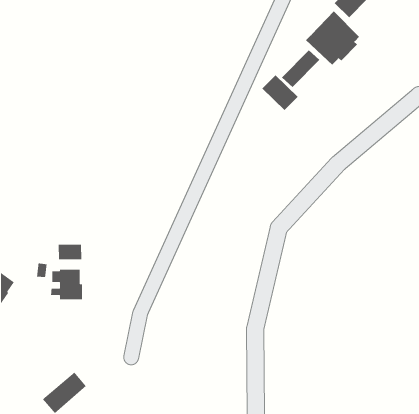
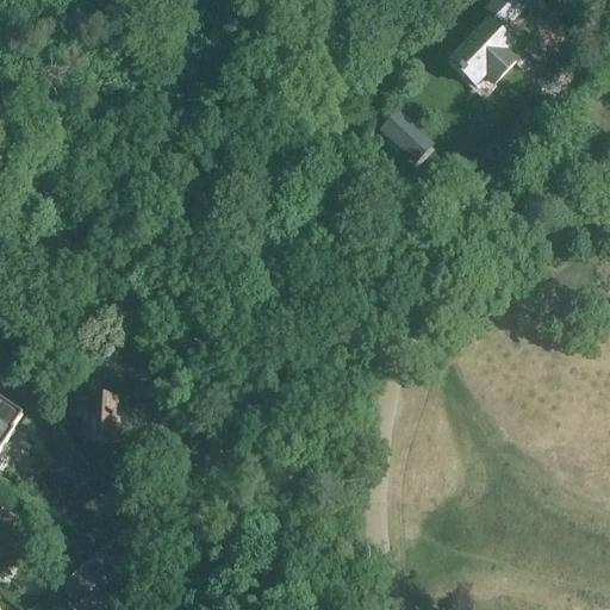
building: [281,49,320,88] -> none
building: [58,244,82,260] -> none

